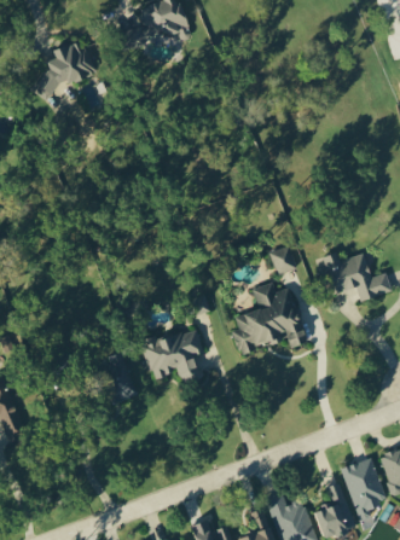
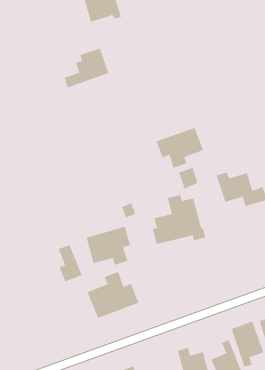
building: [33,43,95,99] -> [64,48,109,88]
building: none -> [156,127,204,168]
building: none -> [87,271,139,319]

